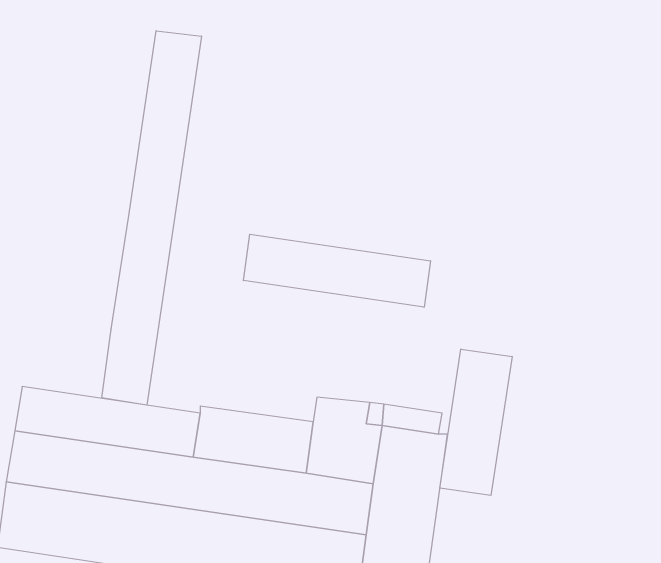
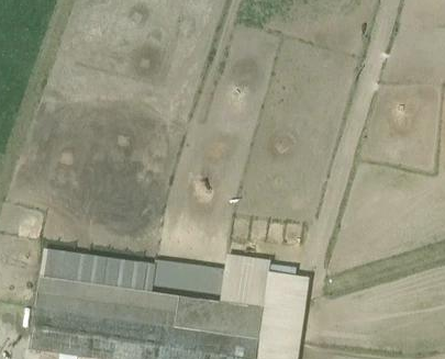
building: [102,31,201,405] -> none
building: [243,234,430,307] -> none
building: [440,349,512,495] -> none

